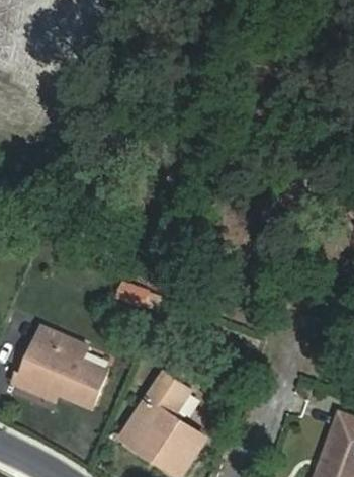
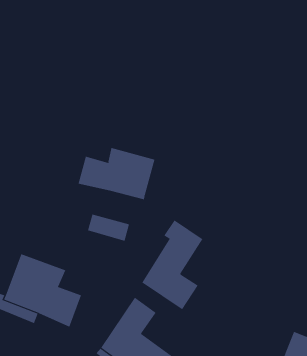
building: none -> [78,147,155,200]
building: none -> [141,219,203,310]

